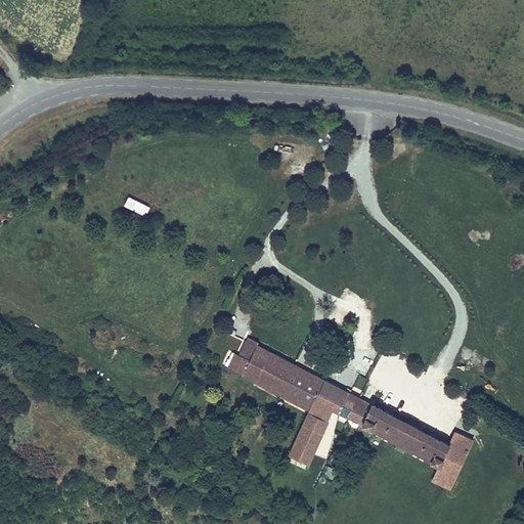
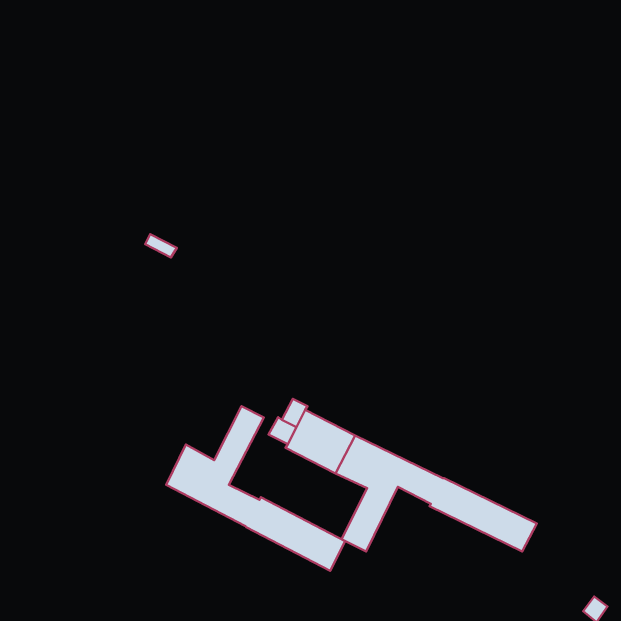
building: none -> [166,406,345,571]
building: [430,431,474,490] -> none

